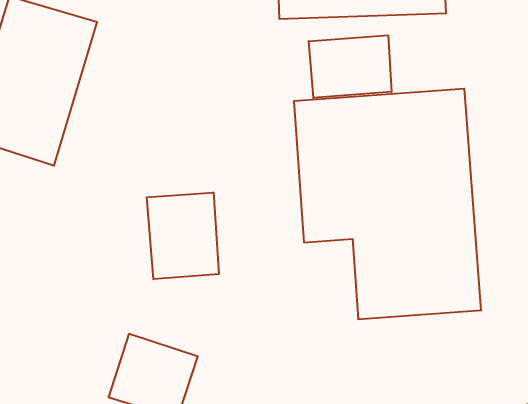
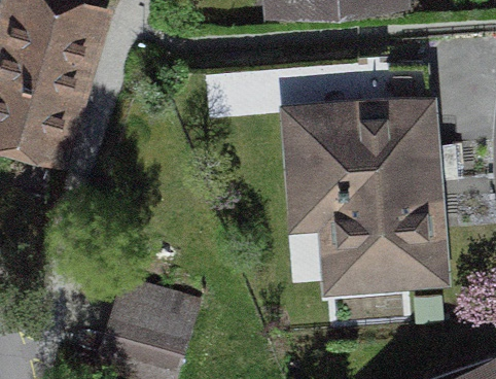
building: [309,35,392,98] -> none
building: [147,192,219,279] -> none

